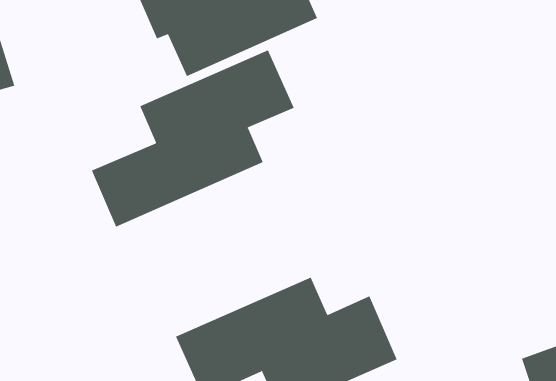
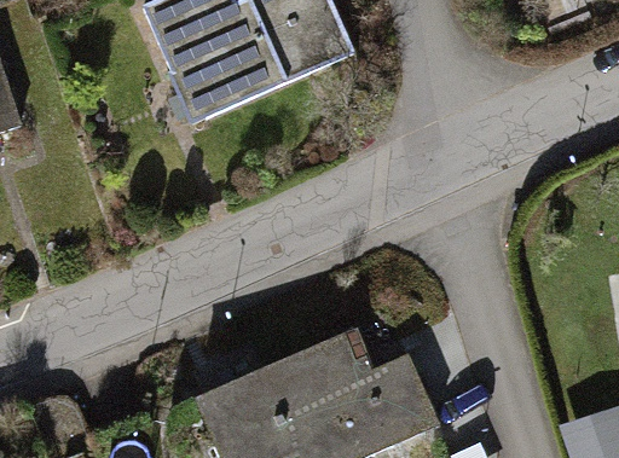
building: [91,50,294,227] -> none

